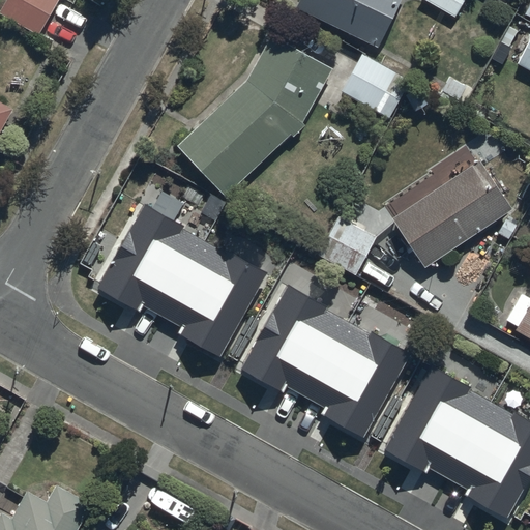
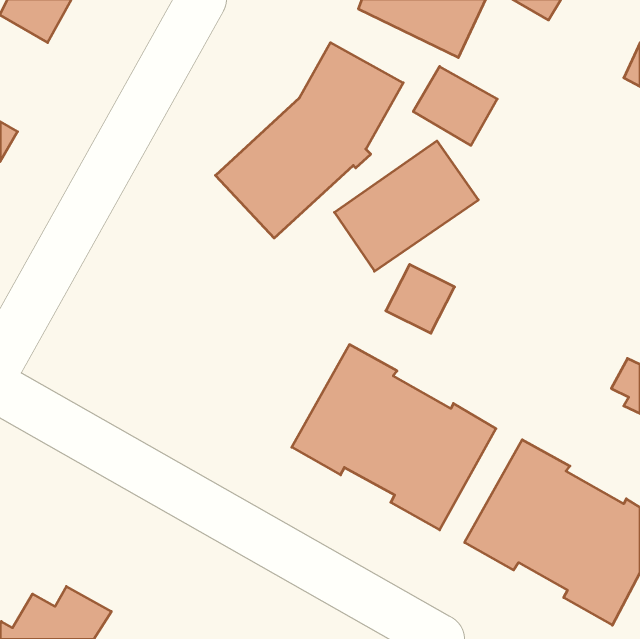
building: [390,160,509,268] -> [334,141,478,271]
building: [97,203,267,355] -> none

